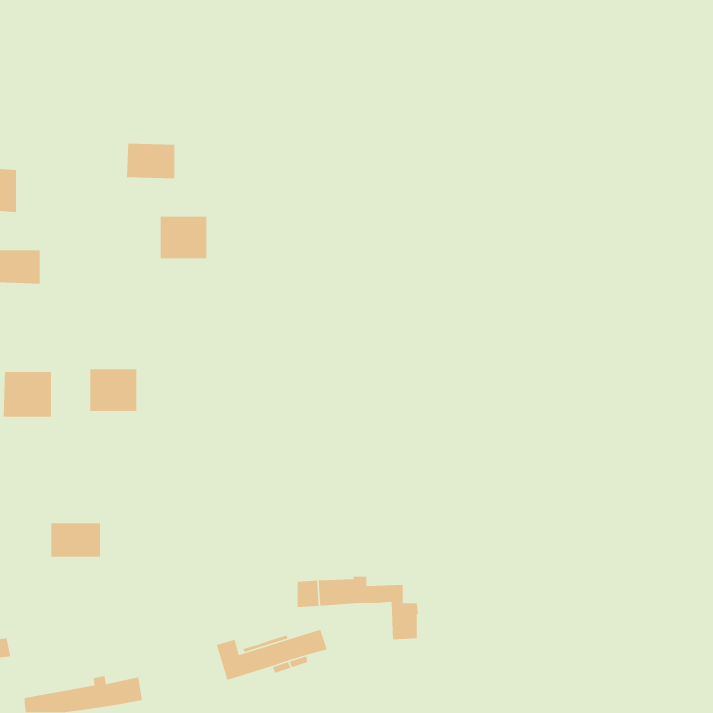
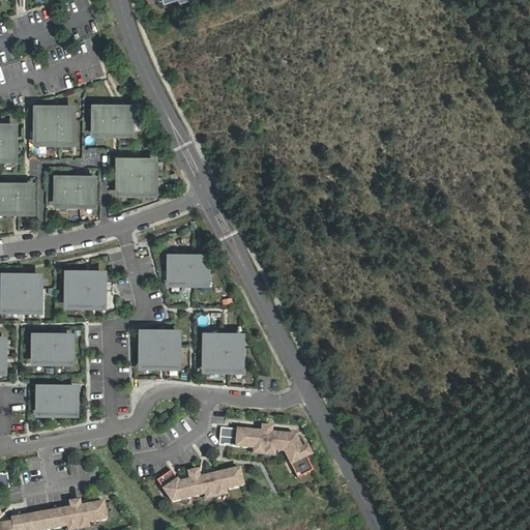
building: none -> [35,107,71,141]
building: none -> [56,177,92,203]
building: none -> [169,256,205,282]
building: none -> [141,331,176,365]
building: none -> [204,333,240,369]
building: none -> [33,334,69,360]

